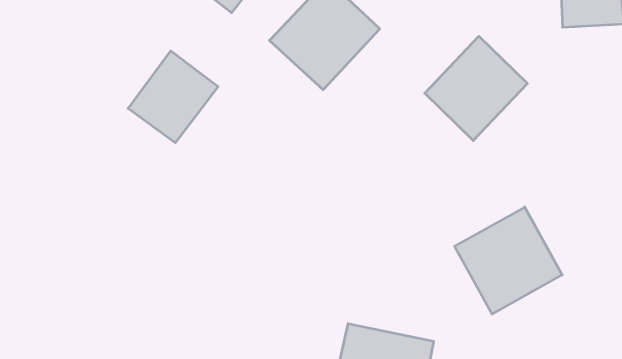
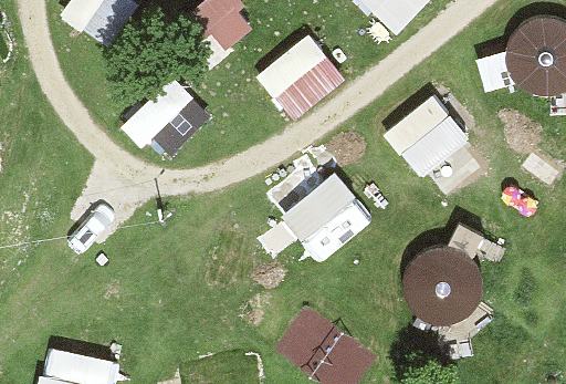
building: none -> [277,170,375,267]

